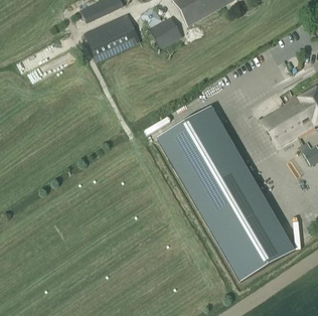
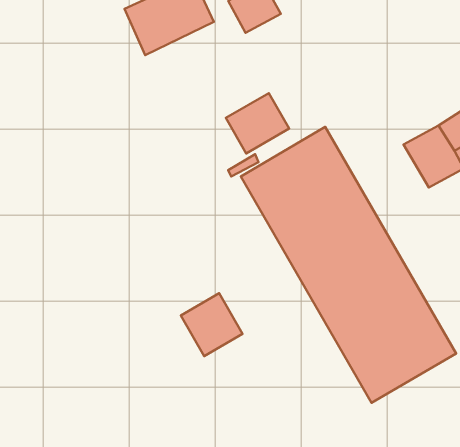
building: none -> [226,93,289,153]
building: none -> [181,293,243,356]

